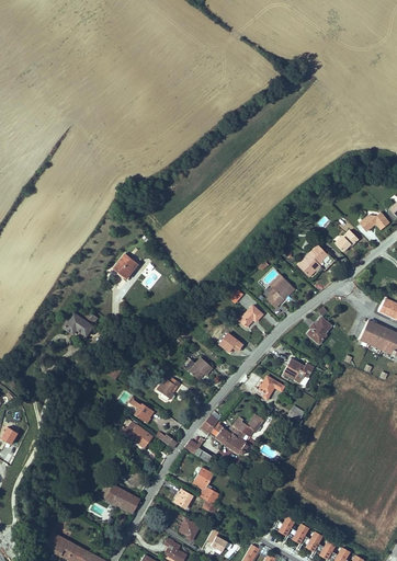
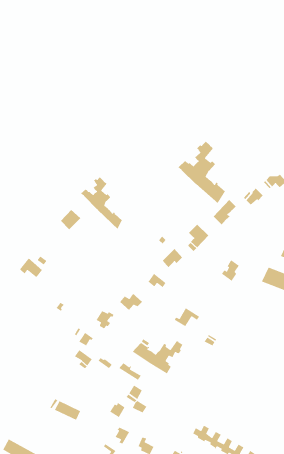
building: none -> [178,141,226,204]
building: none -> [80,176,123,230]
building: [283,356,315,380] -> none

